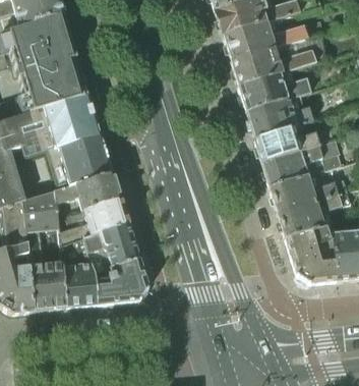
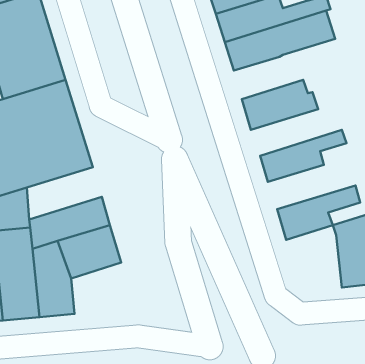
building: [239,74,311,112] -> none
building: [254,127,336,163] -> none
building: [270,170,348,211] -> none
building: [54,173,121,220] -> none
building: [286,225,336,283] -> none
building: [94,259,147,305] -> none

